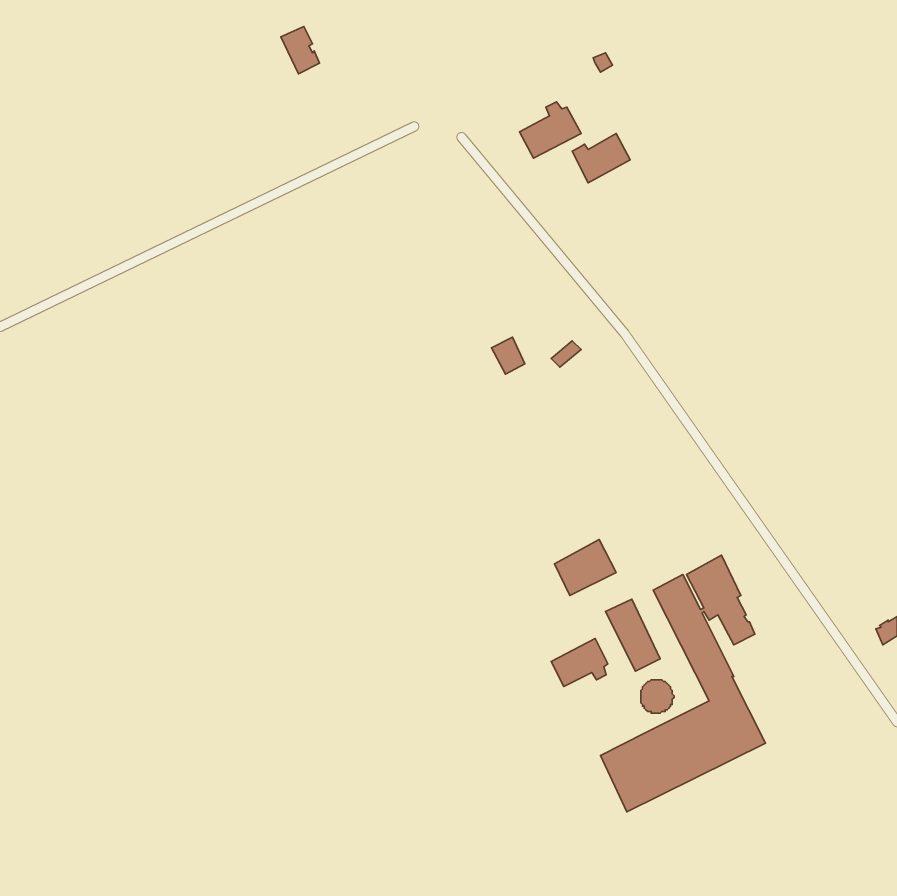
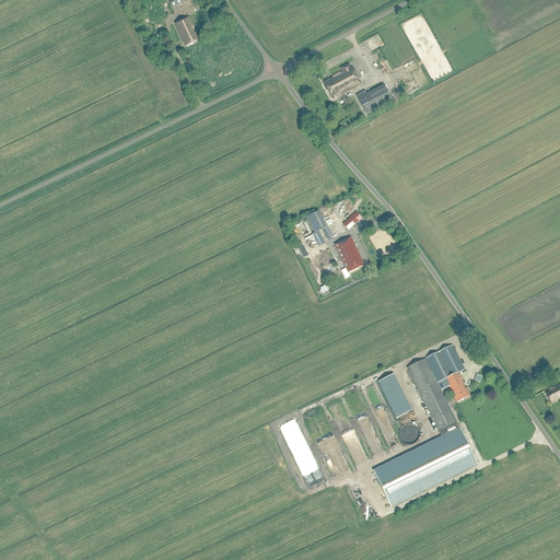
building: none -> [335,236,364,271]
building: [554,540,616,595] -> none
building: [551,639,608,686] -> none

